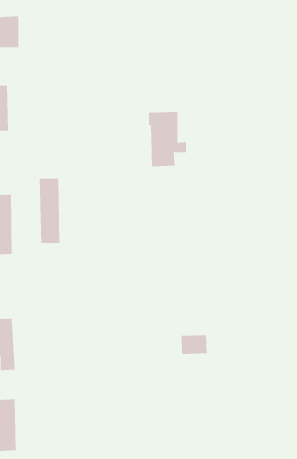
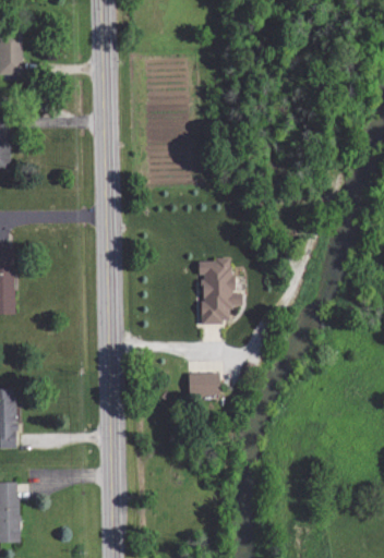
building: [148,111,187,167] -> [200,259,244,324]
building: [39,178,60,244] -> none
building: [180,335,208,354] -> [190,374,221,397]

